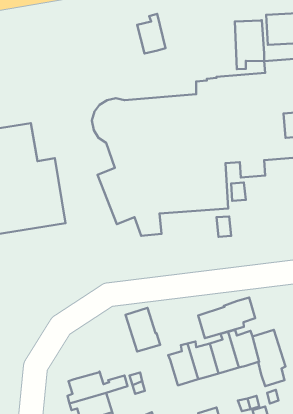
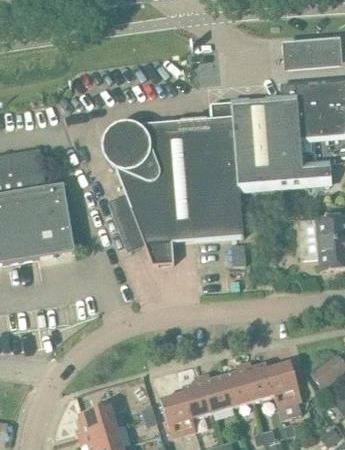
building: [137,14,166,53] -> none
building: [235,20,264,69] -> none
building: [198,298,255,338] -> none
building: [125,308,160,352] -> [160,392,196,437]

